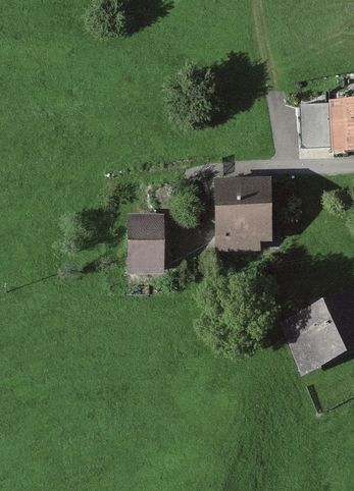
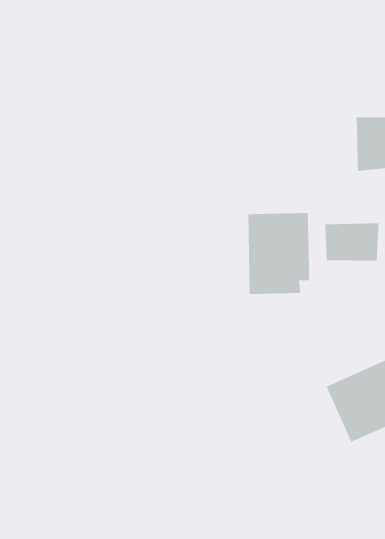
building: none -> [325,223,379,261]
building: [128,221,163,268] -> none

